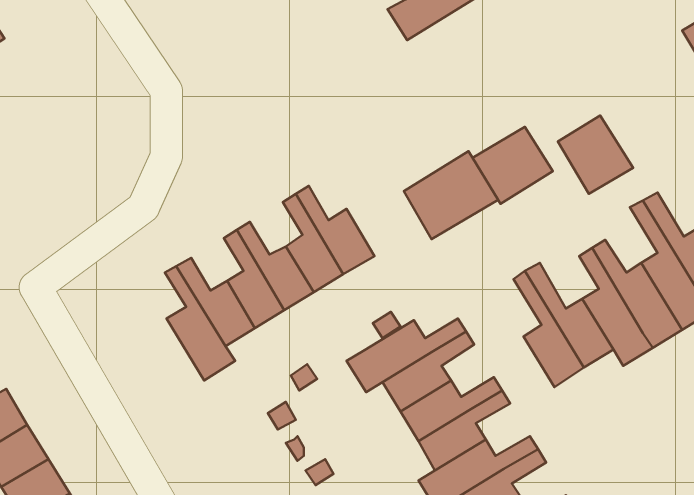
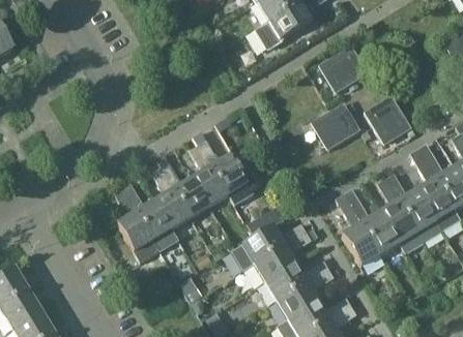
building: none -> [318,44,368,92]
building: [404,151,498,239] -> none

